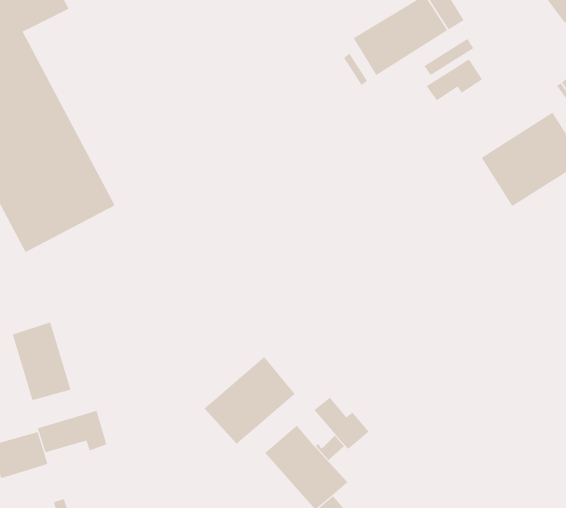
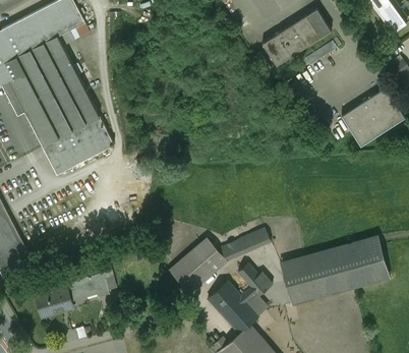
building: [426,59,483,101] -> none
building: [12,322,71,401] -> none
building: none -> [220,230,271,262]
building: none -> [279,236,389,304]

